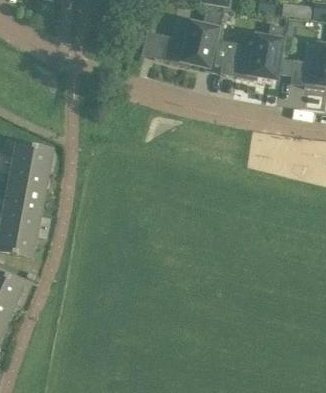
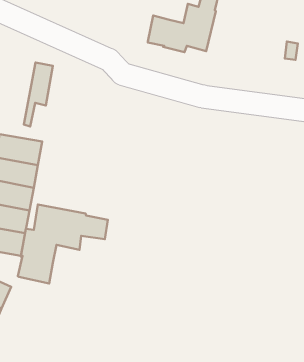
building: [222,23,284,79] -> none
building: none -> [24,63,53,126]
building: none -> [18,205,108,284]

